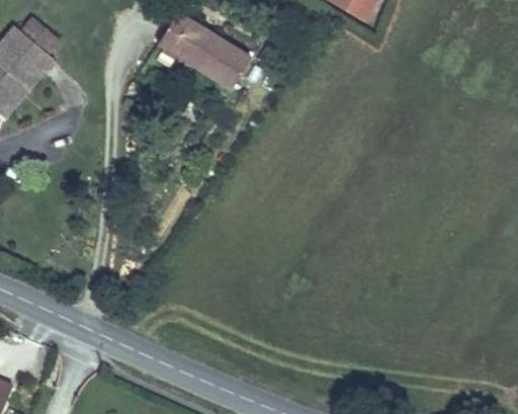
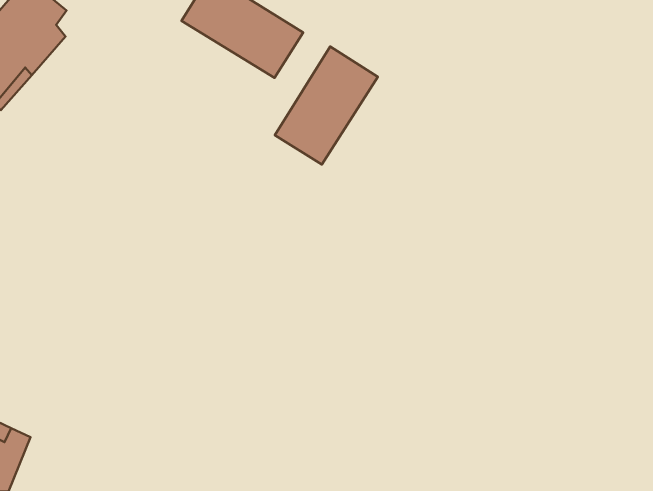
building: none -> [275,46,378,164]

